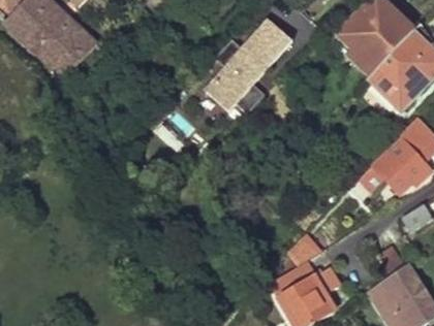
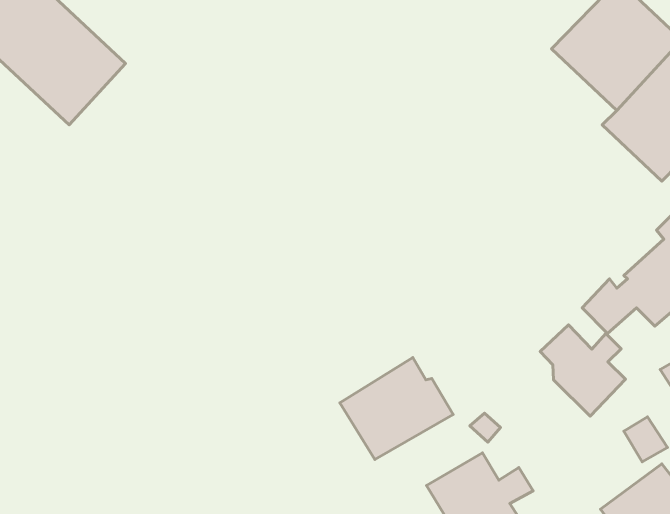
building: [208,19,296,112] -> none
building: none -> [540,325,625,416]
building: none -> [340,357,453,460]

